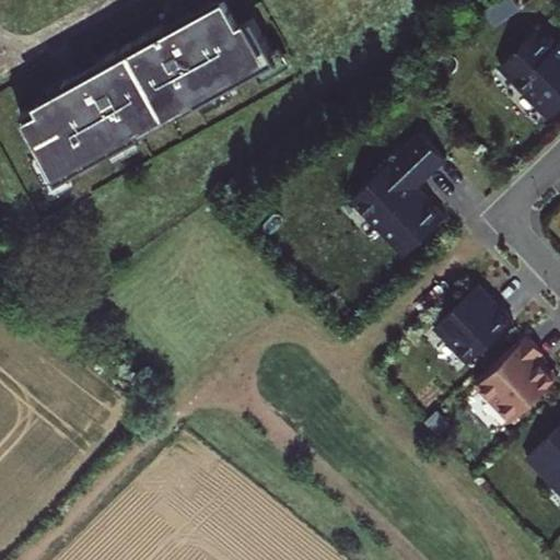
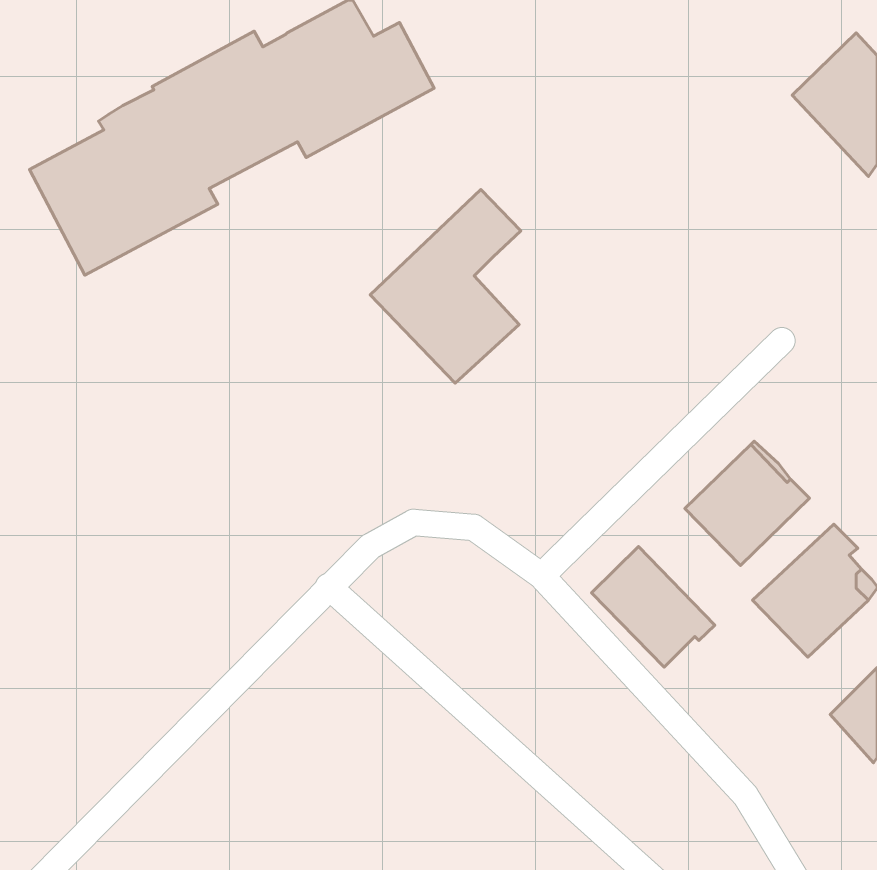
building: [350,136,445,258] -> [370,189,521,383]
building: none -> [591,547,715,667]

